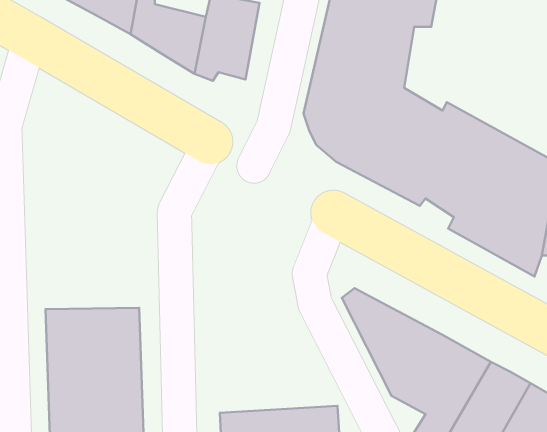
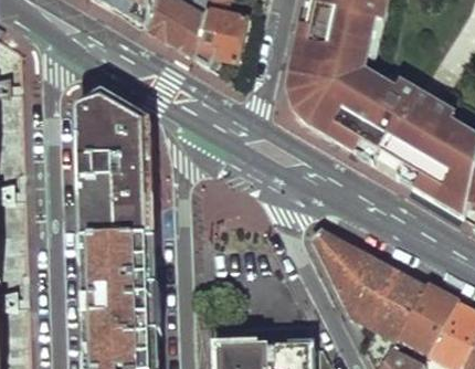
building: none -> [78,98,155,244]

